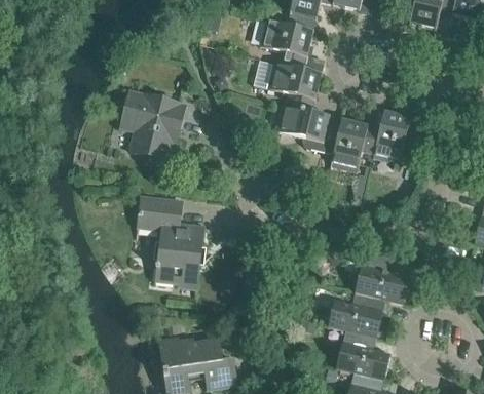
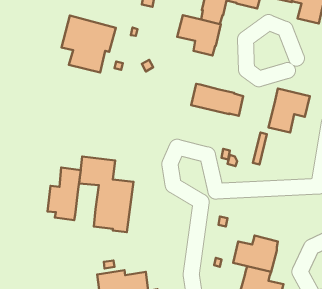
building: [267,63,322,112] -> none
building: [119,90,187,161] -> [62,15,116,72]
building: [330,119,380,173] -> none
building: none -> [47,167,81,220]
building: [356,255,412,305] -> none

